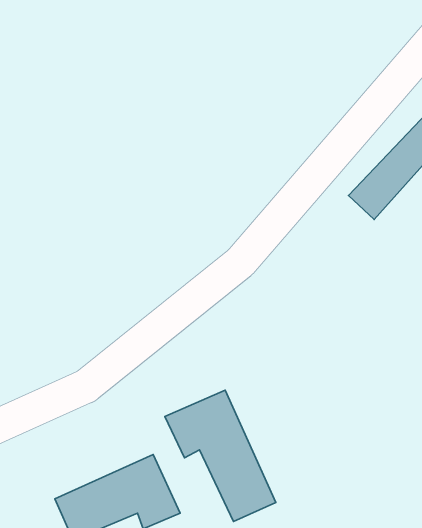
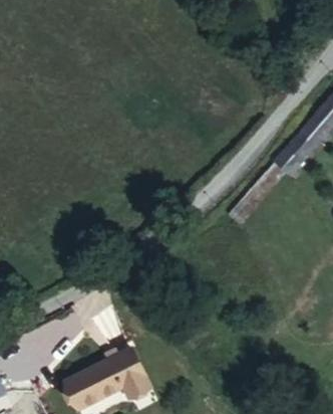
building: [165,390,276,521] -> none

